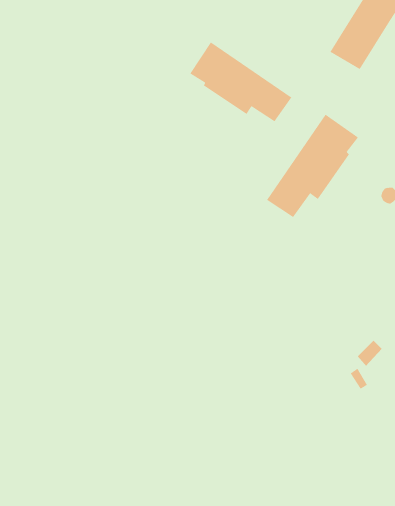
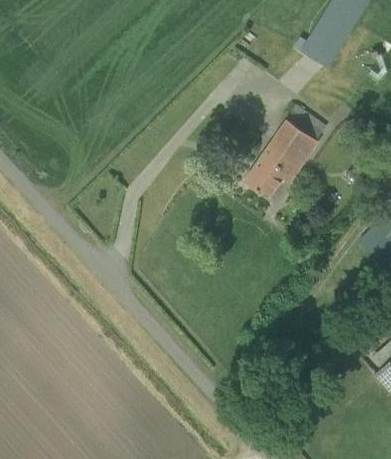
building: [189,42,292,122] -> none

